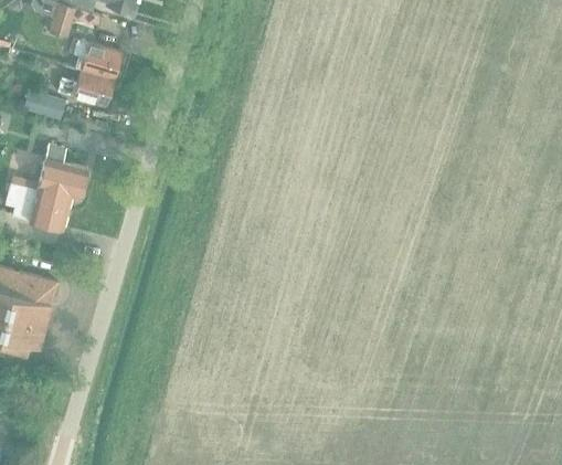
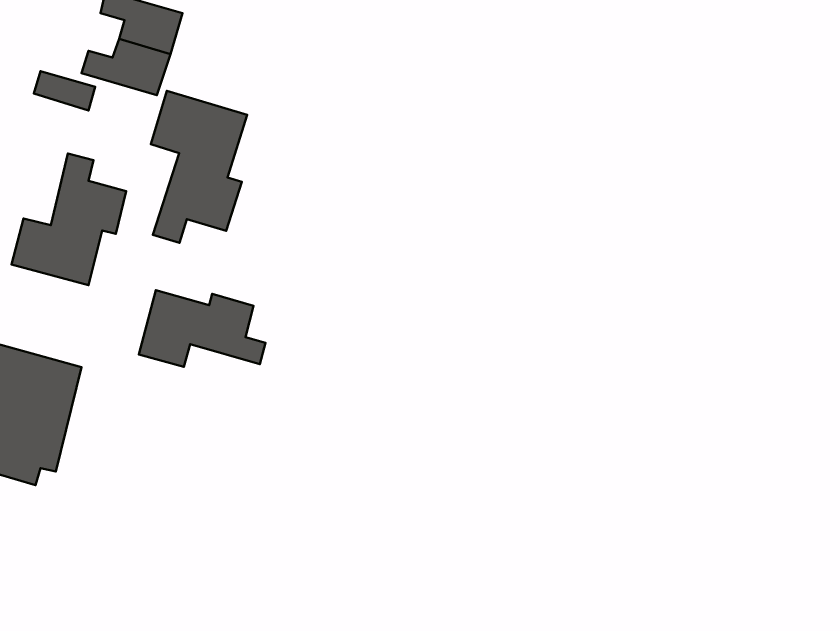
building: none -> [151,91,247,243]
building: none -> [139,290,265,367]

